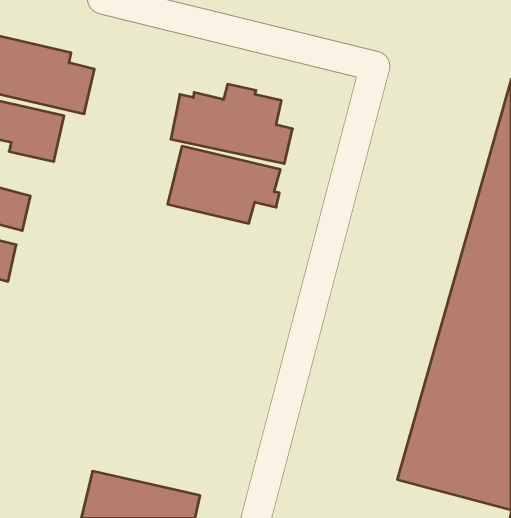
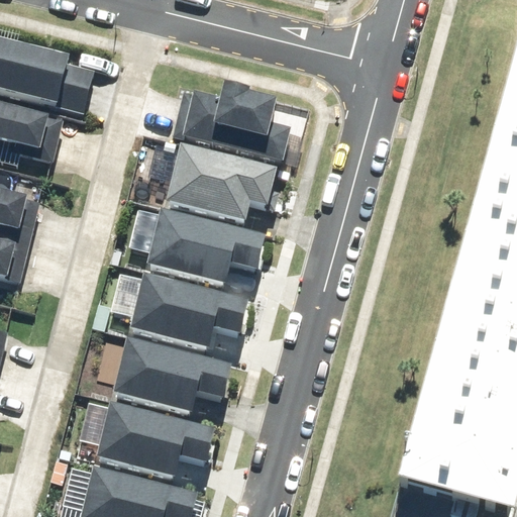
building: none -> [150,208,271,283]
building: none -> [134,272,254,346]
building: none -> [116,336,237,413]
building: none -> [97,403,218,479]

